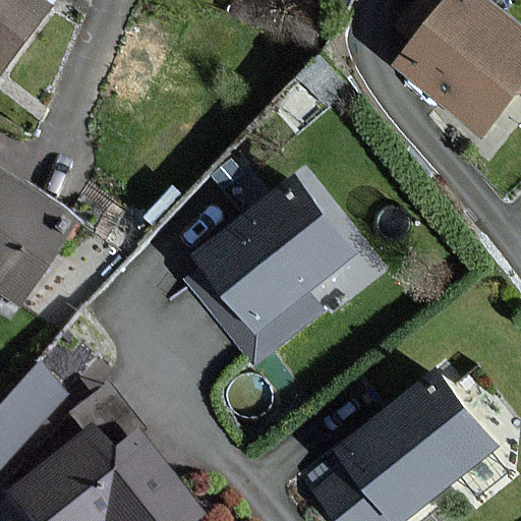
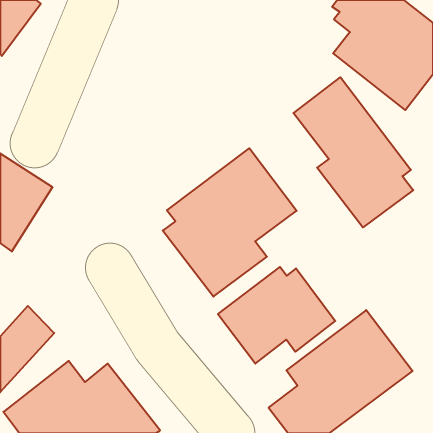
building: none -> [293,77,413,227]
building: none -> [218,267,335,364]

